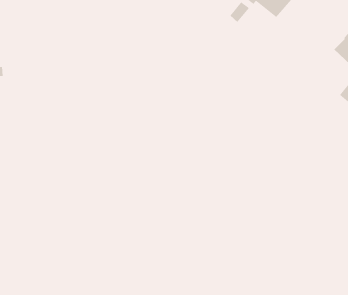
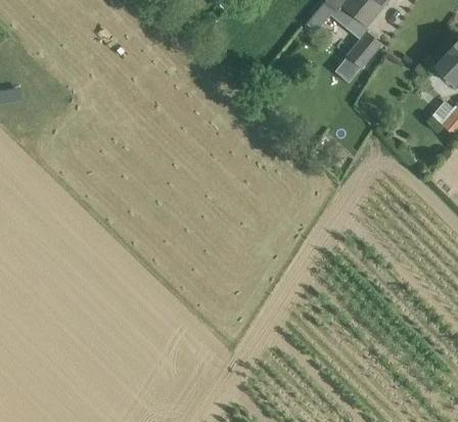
building: none -> [347,33,380,69]

